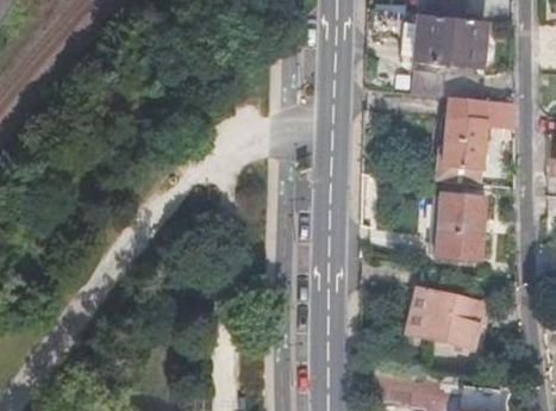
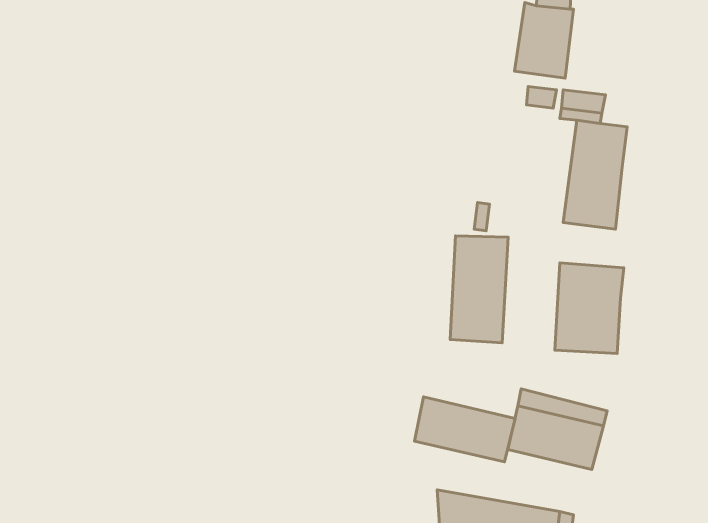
building: [448,18,483,70] -> none
building: none -> [450,236,508,343]
building: none -> [415,397,515,462]

